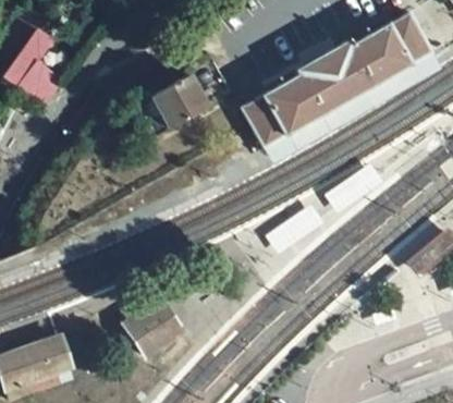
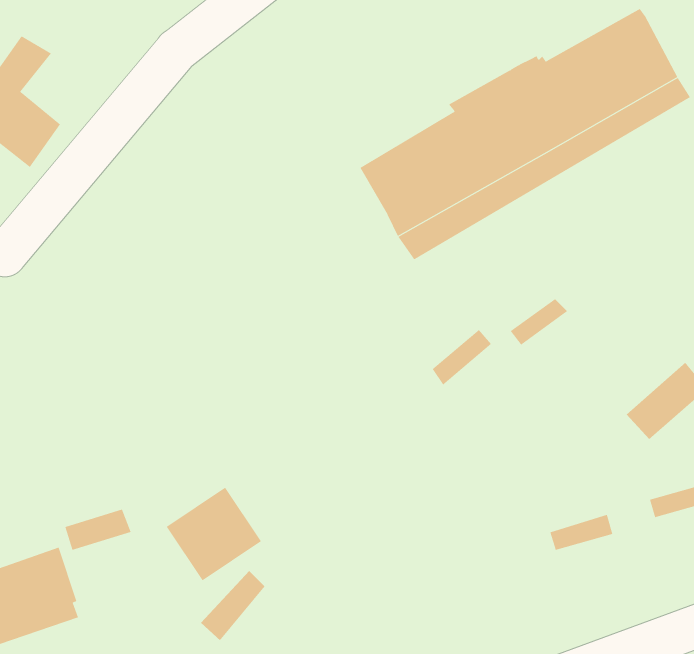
building: [150,74,208,129] -> none

